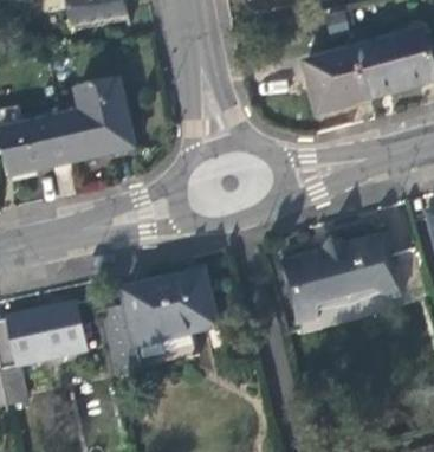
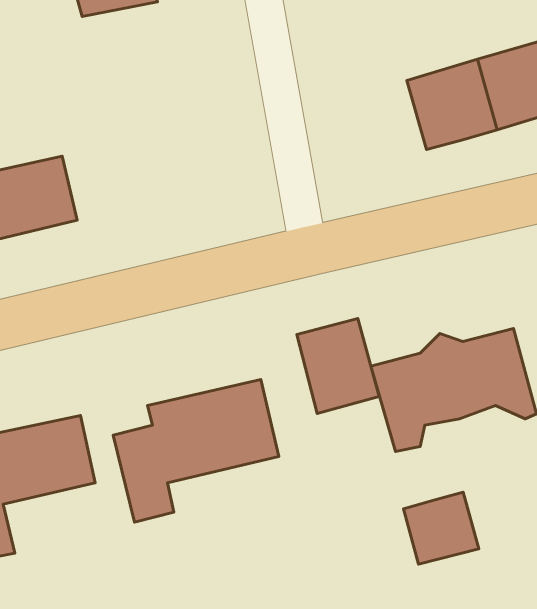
building: [59,73,136,161] -> none
building: none -> [297,318,379,413]
building: none -> [404,492,479,564]

